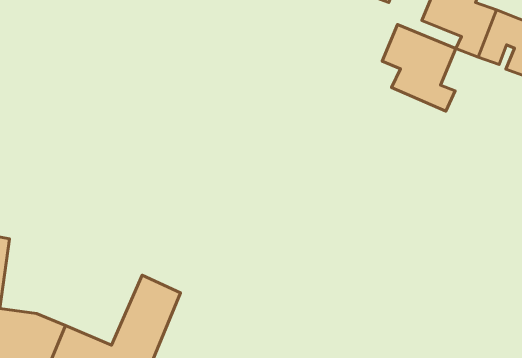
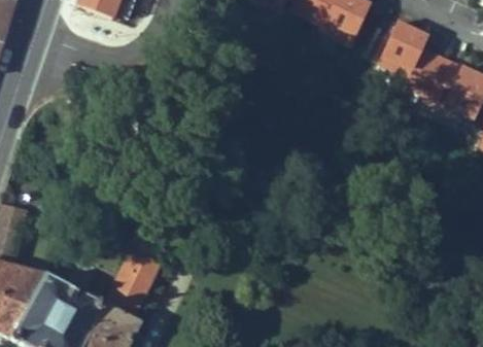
building: [382,24,456,111] -> none

